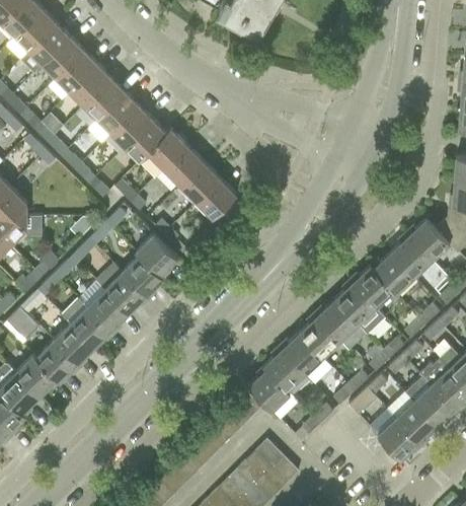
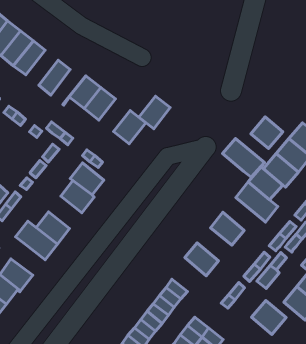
building: [97,92,139,134] -> none
building: [125,120,170,161] -> none
building: [179,162,219,202] -> [139,96,170,129]
building: none -> [251,117,283,149]
building: [104,273,145,313] -> none
building: [316,300,366,350] -> [222,138,264,177]
building: [52,324,93,365] -> none
building: [281,334,322,375] -> none
building: [247,366,289,412] -> none
building: none -> [252,300,286,334]

